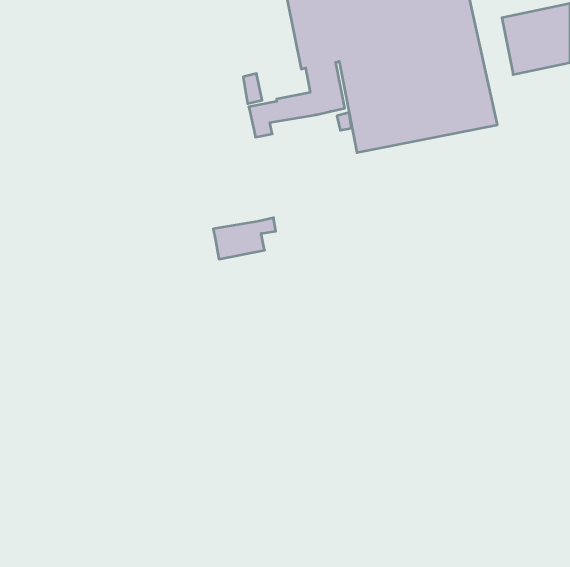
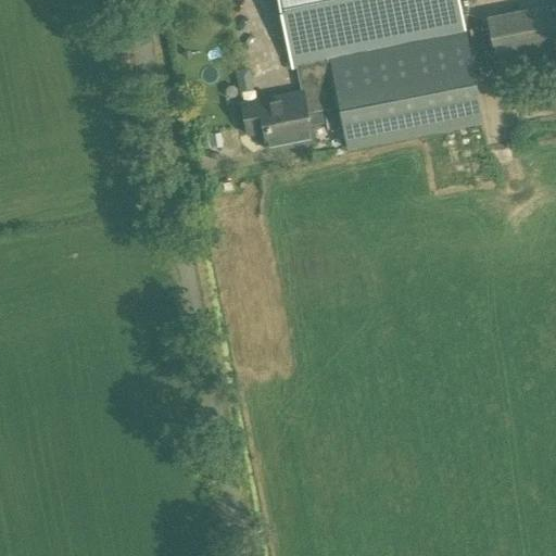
building: [213,218,276,259] -> [263,109,324,149]

